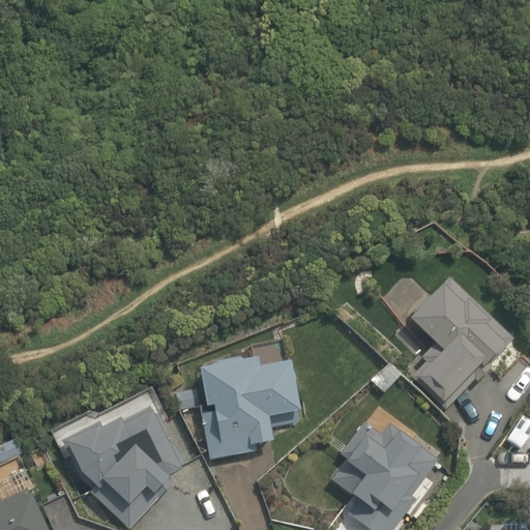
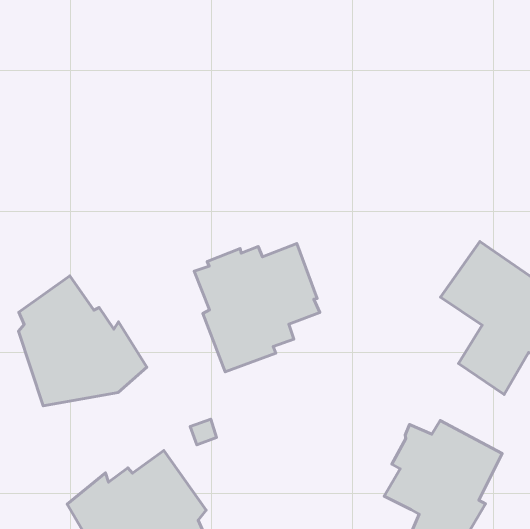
building: none -> [18,276,147,406]
building: [199,355,299,458] -> [194,243,320,372]

